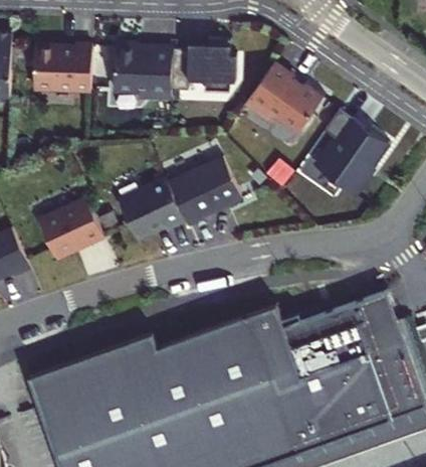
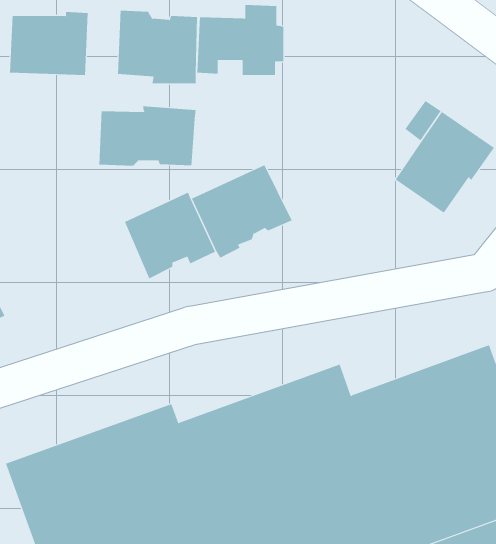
building: [243,64,322,134] -> none
building: none -> [99,105,196,166]
building: [37,199,103,259] -> none

